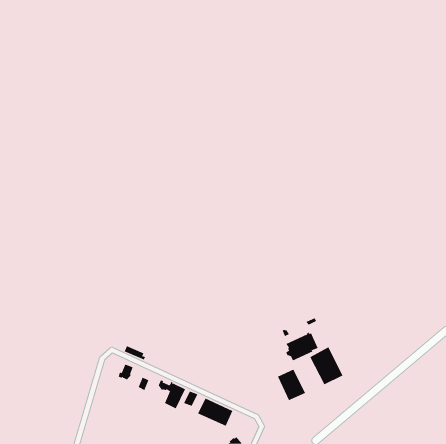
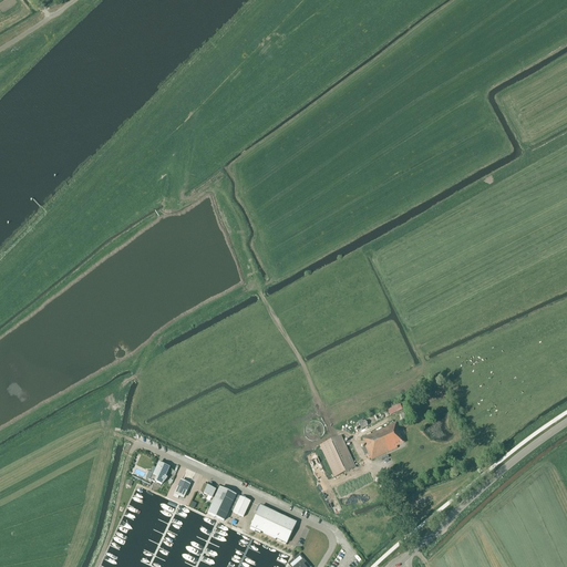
building: [310,347,343,385] -> none
building: [277,369,306,401] -> [319,434,355,475]

